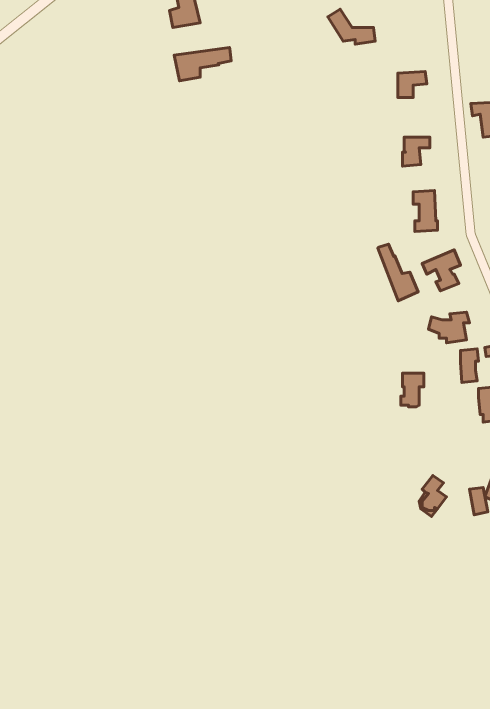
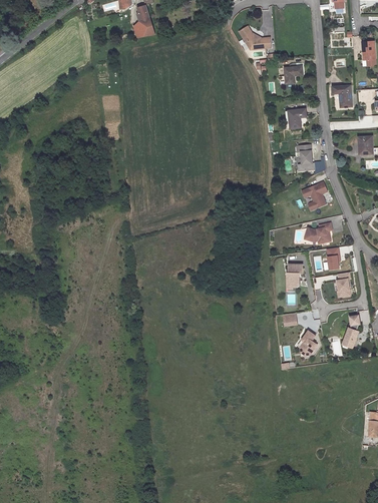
building: [174,48,231,81] -> none
building: [378,244,418,301] -> none

